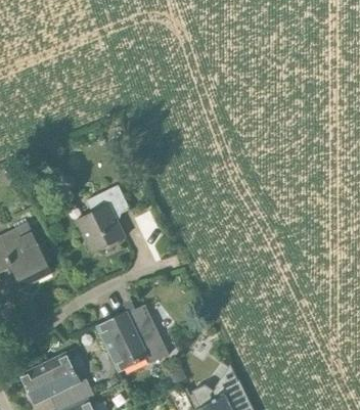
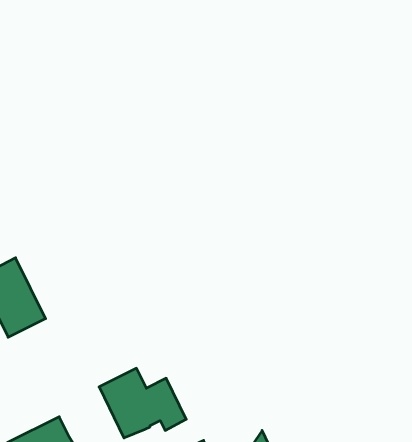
building: [76,185,129,254] -> none

